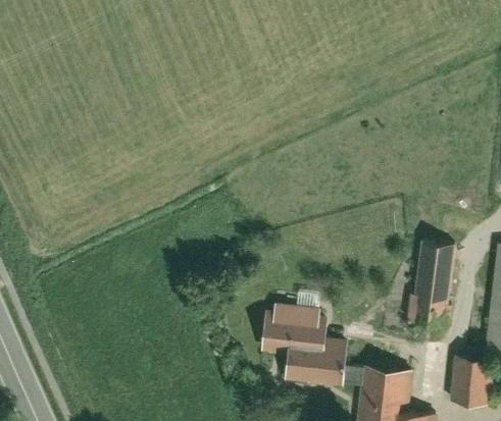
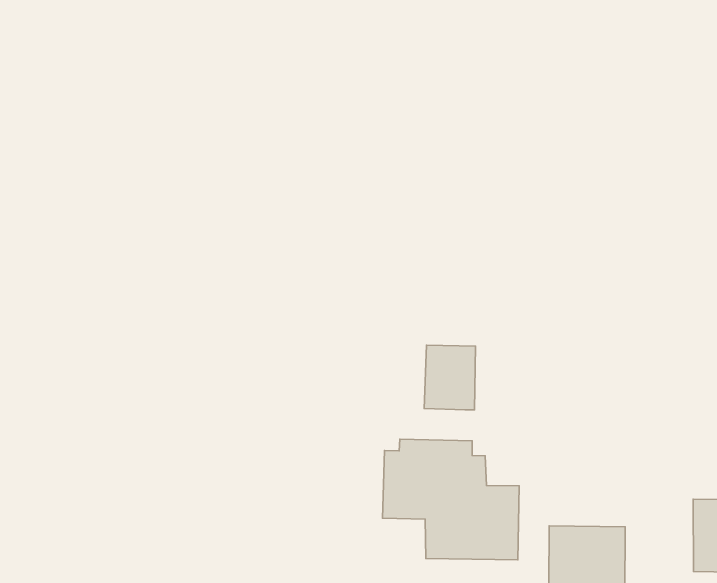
building: [414,242,452,325] -> none
building: none -> [424,345,475,410]

